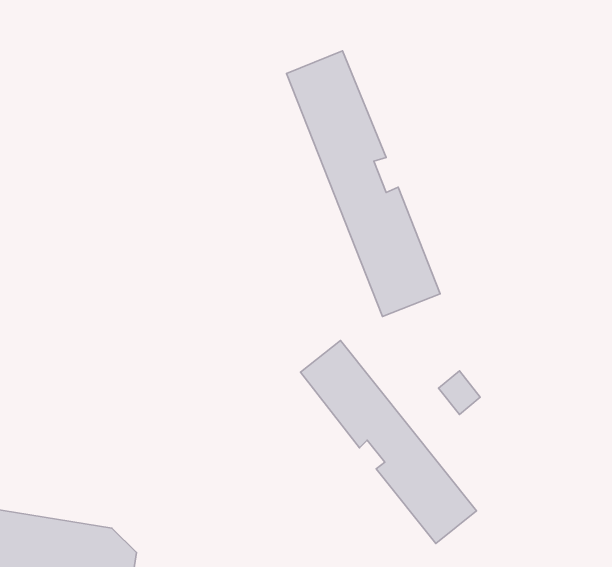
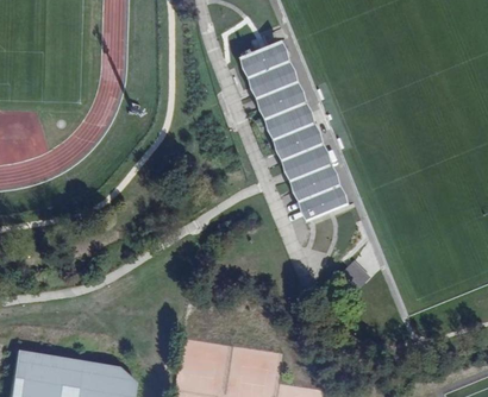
building: [301,341,476,543] -> none

